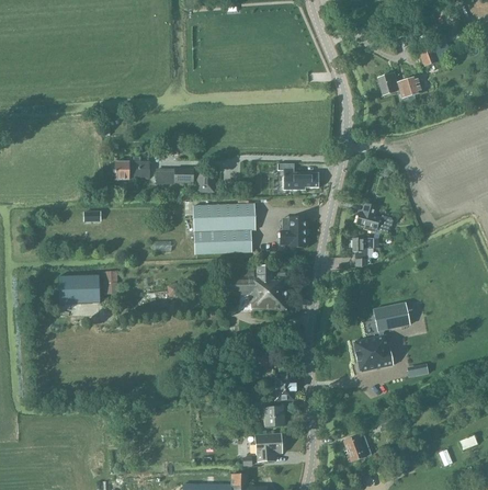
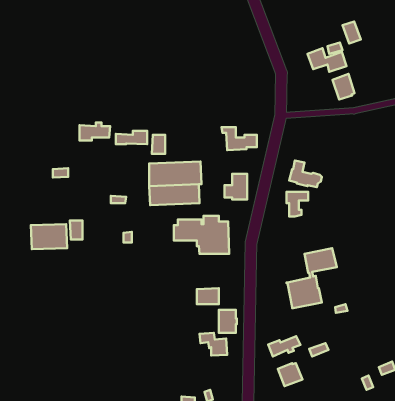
building: none -> [332,74,355,100]
building: none -> [268,336,300,356]
building: [256,433,283,461] -> none

